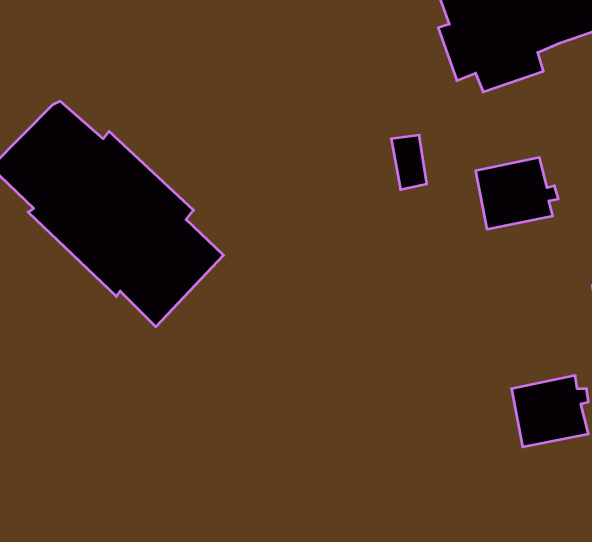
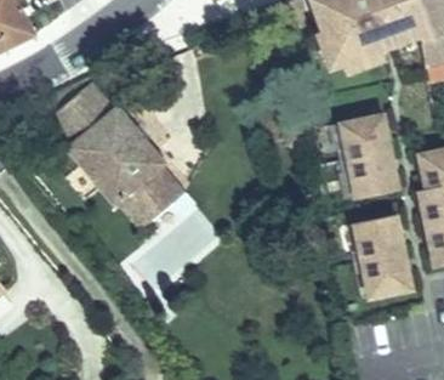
building: none -> [351,153,403,199]
building: none -> [358,219,411,265]

